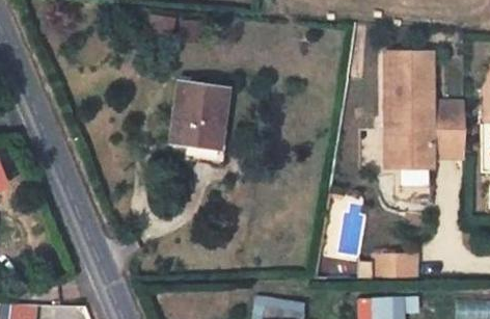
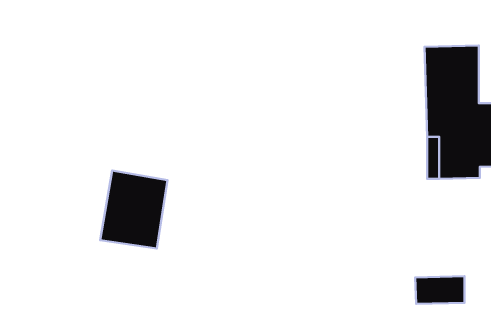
building: [156,81,214,149] -> [100,171,168,249]

